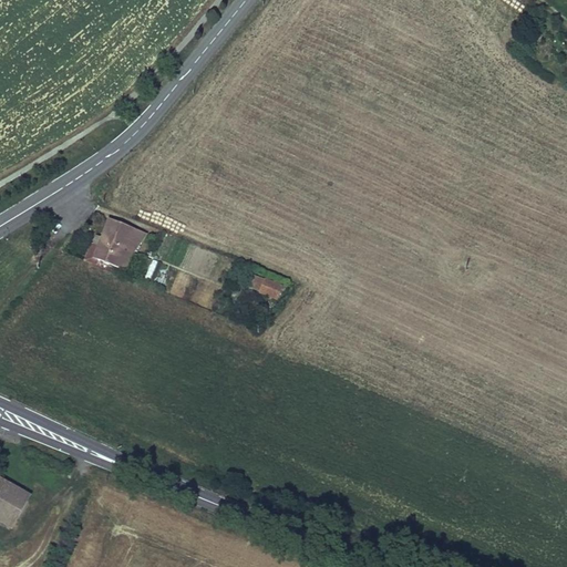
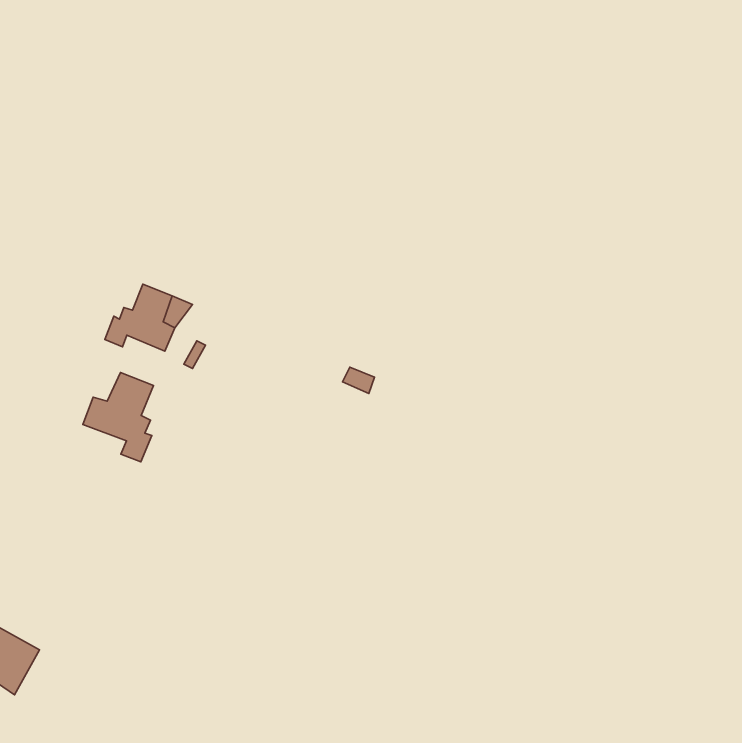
building: none -> [83,372,153,462]

